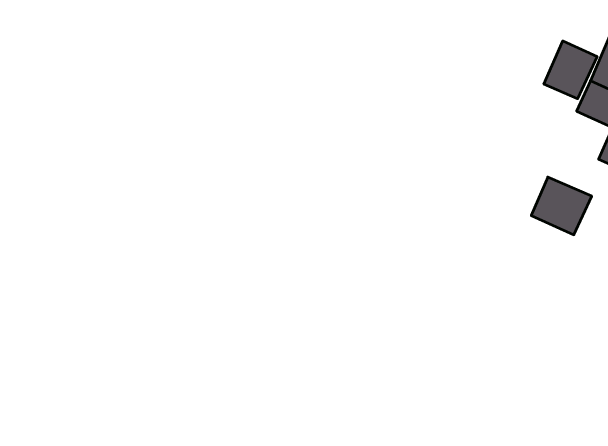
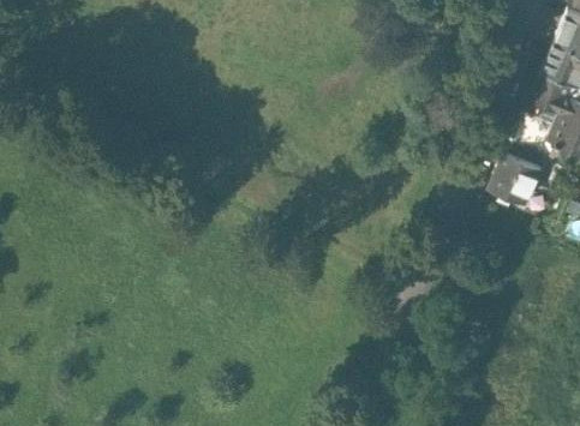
building: [544,41,597,99] -> none

